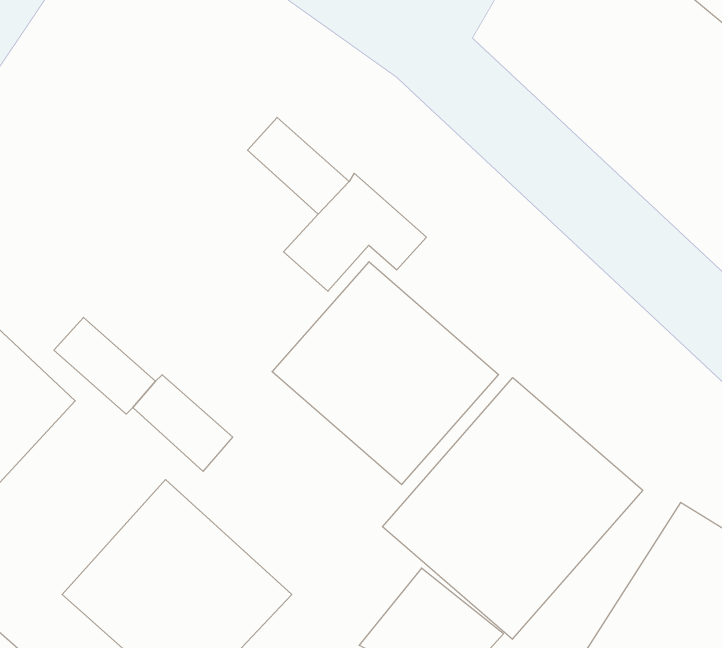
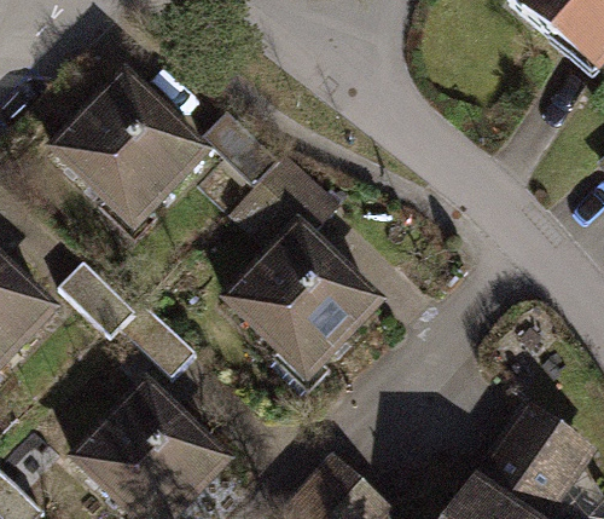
building: none -> [51,74,217,240]
building: [382,378,643,639] -> none

